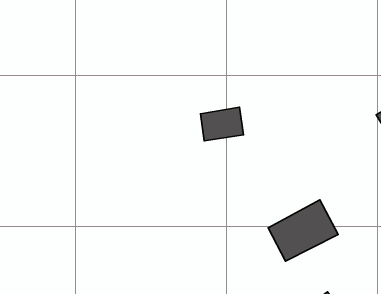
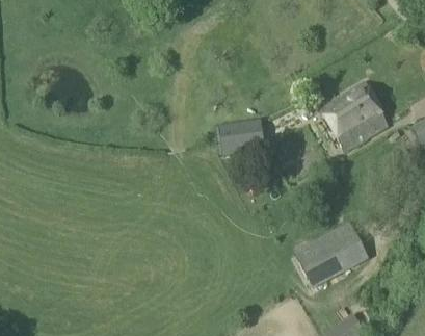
building: none -> [320,81,389,149]

